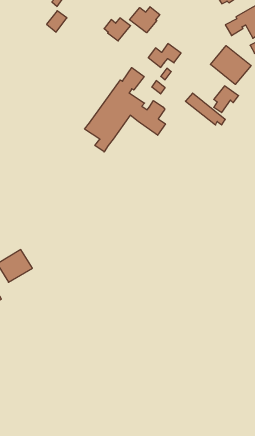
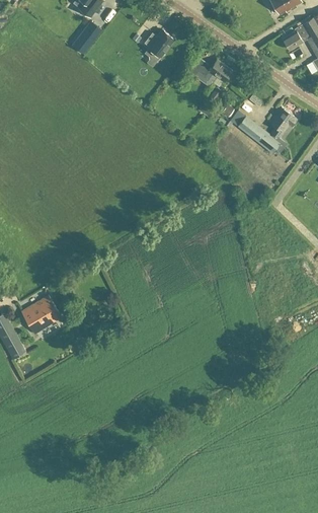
building: [130,7,160,33] -> none
building: [210,46,251,84] -> none
building: [85,68,165,152] -> none

